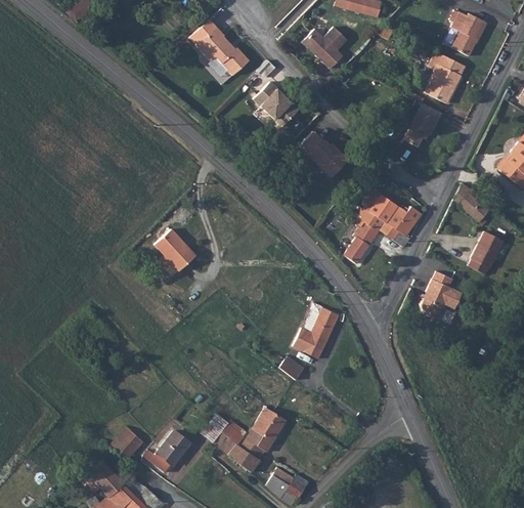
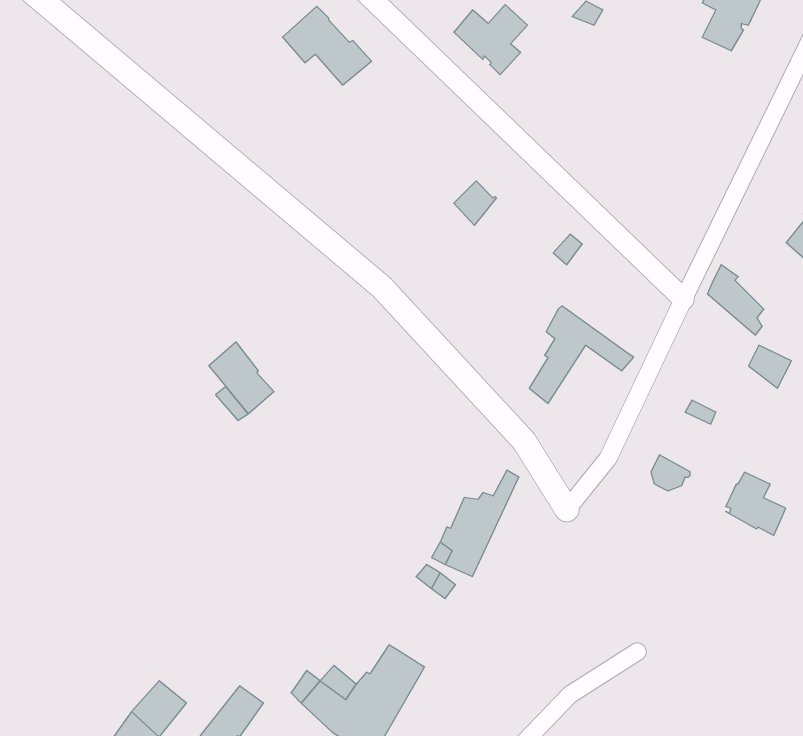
building: [423,51,463,101] -> none
building: [255,81,299,126] -> none
building: [403,100,441,145] -> none
building: [313,141,349,176] -> none
building: [365,186,420,235] -> none
building: [468,242,494,273] -> none
building: [424,271,460,309] -> [726,472,786,536]

